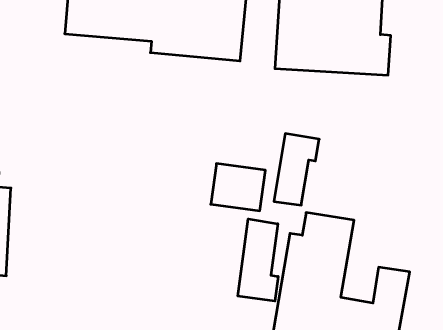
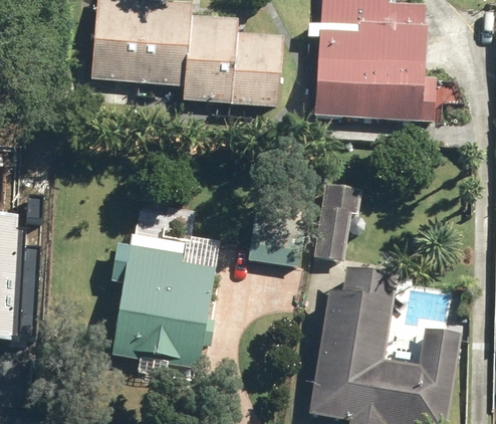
building: none -> [112,233,223,370]
building: [238,219,278,301] -> none

